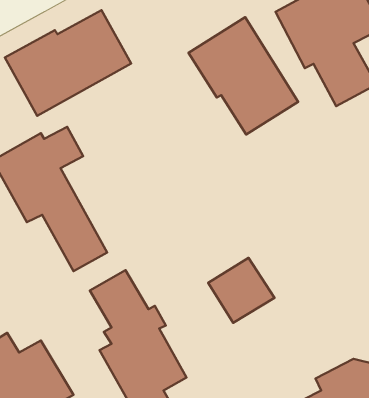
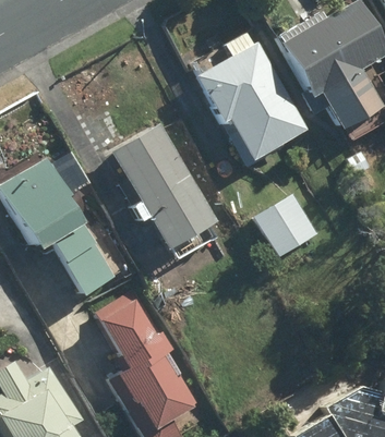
building: [5,10,131,116] -> none
building: none -> [103,122,224,277]
building: [208,258,274,323] -> [251,193,317,258]

